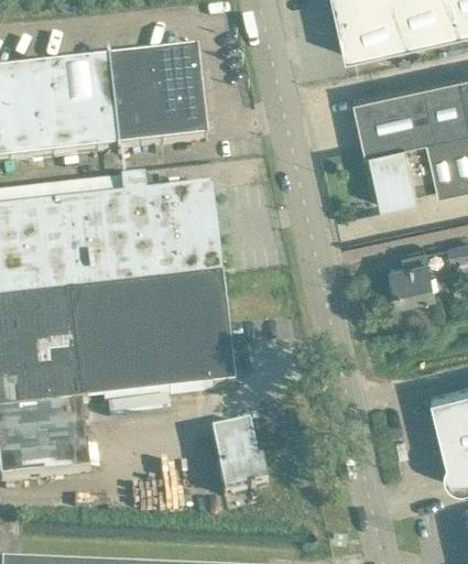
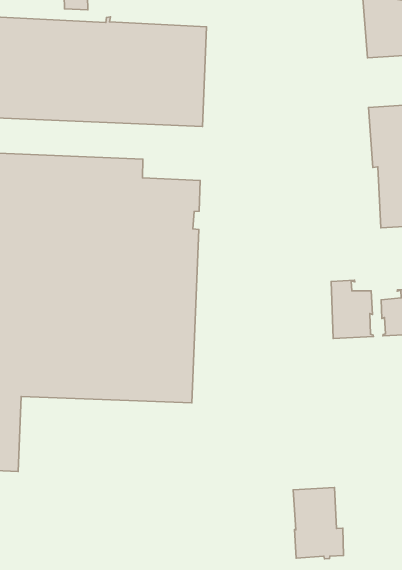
building: none -> [331,280,373,339]
building: [214,427,268,496] -> [293,487,344,559]

